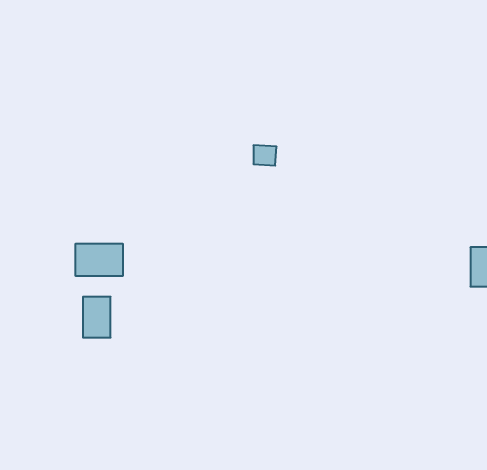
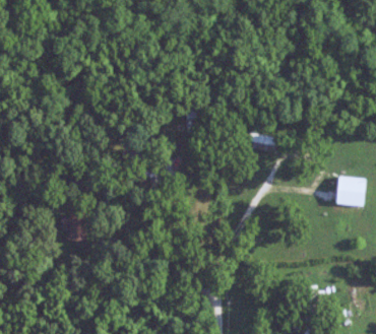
building: [76,244,123,276] -> none

